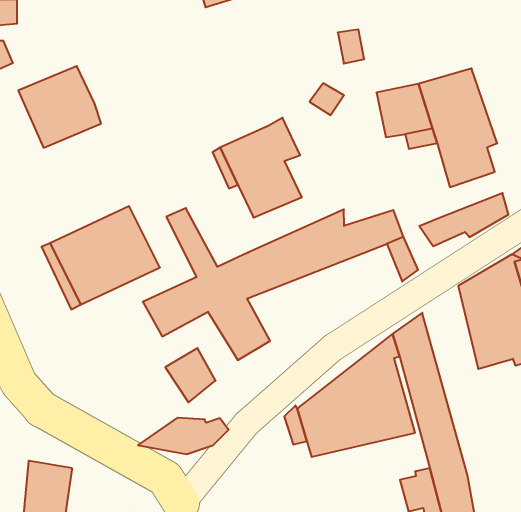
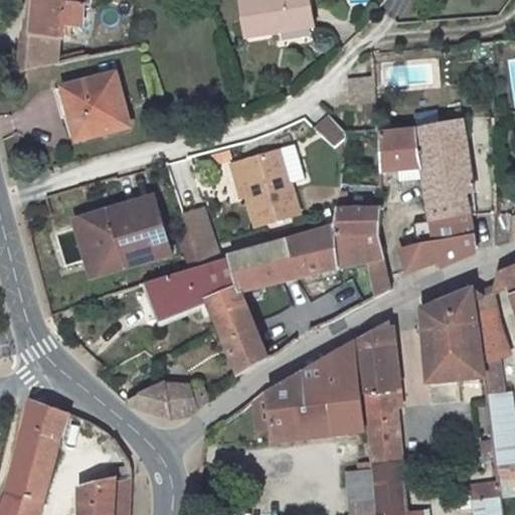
building: none -> [405,215,472,247]
building: none -> [332,201,376,241]
building: [165,348,216,402] -> [223,330,265,375]

